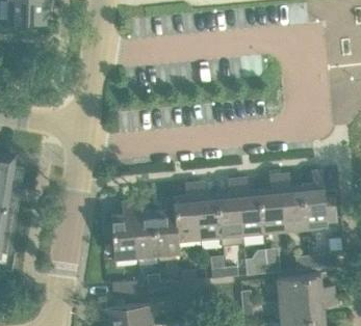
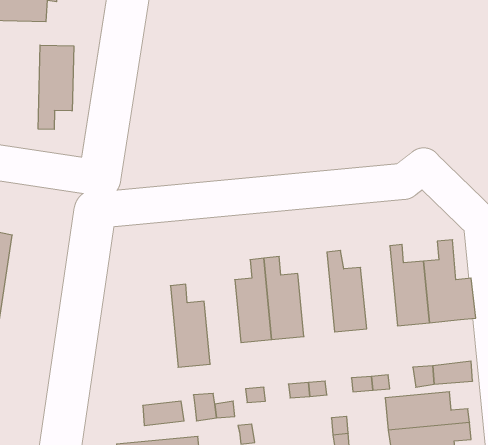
building: none -> [38,45,74,129]
building: [259,175,284,232] -> none
building: [216,180,242,247] -> none
building: [153,198,179,255] -> none
building: [109,202,135,260] -> none

